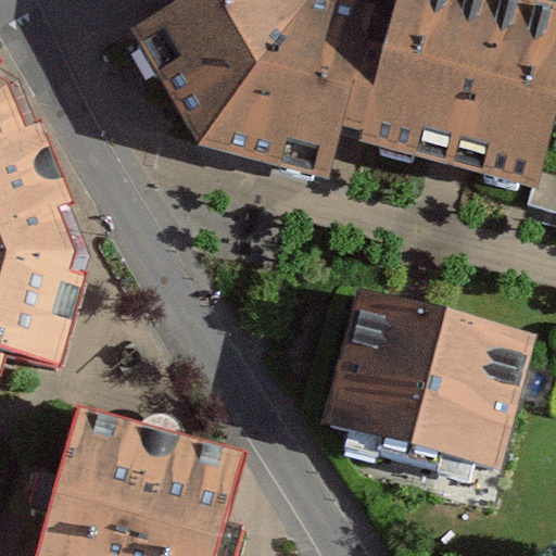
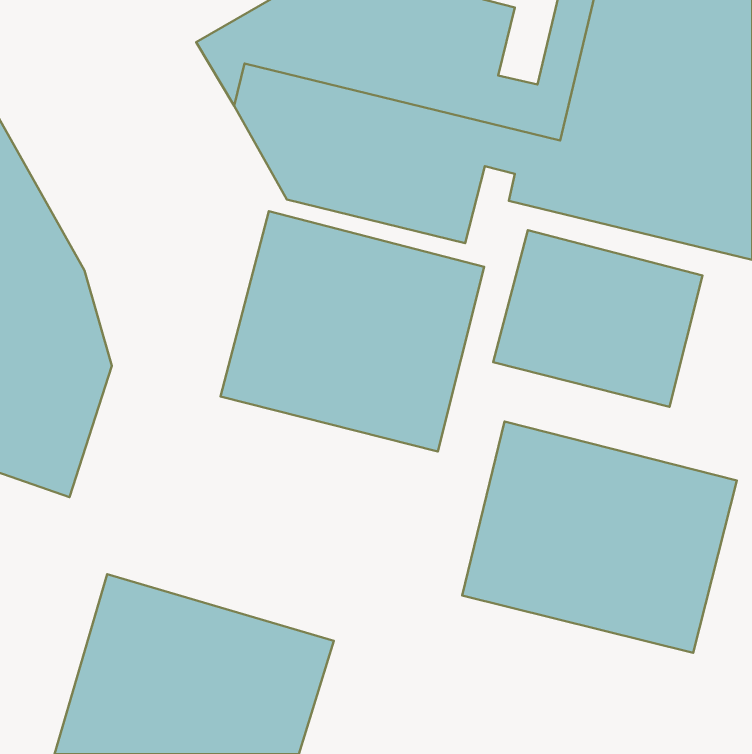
building: none -> [220,211,484,452]
building: none -> [493,230,703,407]

